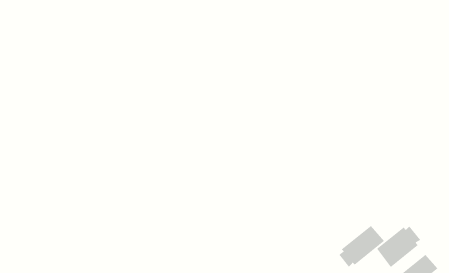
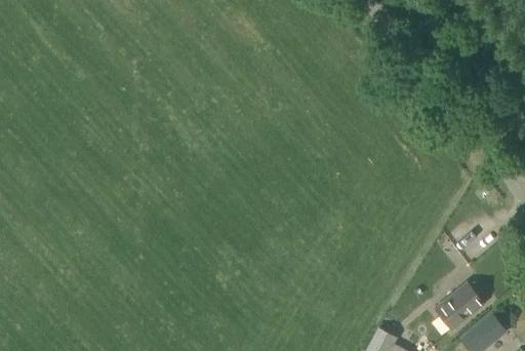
building: [338,225,385,267] -> none

